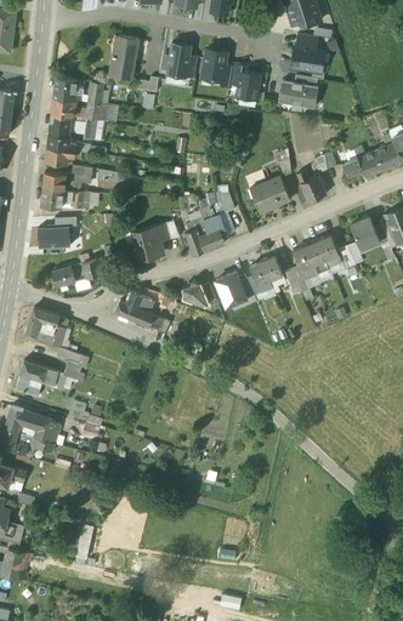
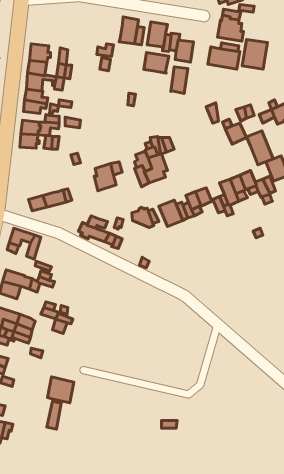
building: [109,35,138,80] -> none
building: none -> [242,39,268,69]
building: none -> [144,52,169,73]
building: none -> [171,67,188,93]
building: [251,176,290,213] -> none
building: none -> [246,131,273,165]
building: [40,229,69,249] -> none
building: none -> [48,377,74,403]

